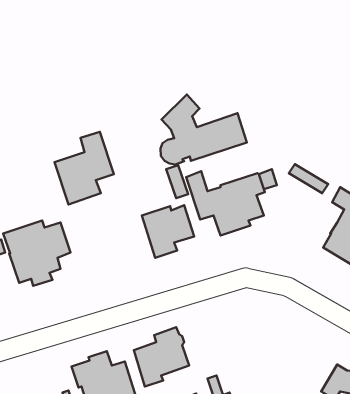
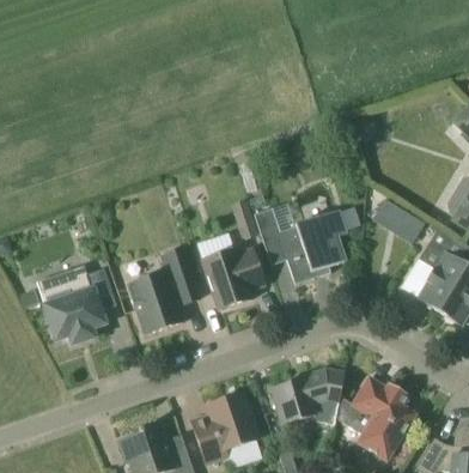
building: [160,94,247,164] -> none
building: [54,132,114,204] -> [128,248,199,334]
building: none -> [270,369,343,424]
building: none -> [353,378,414,460]

